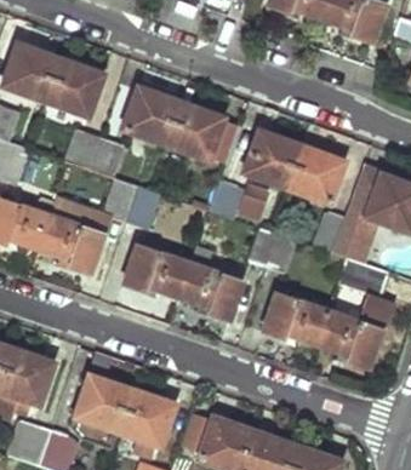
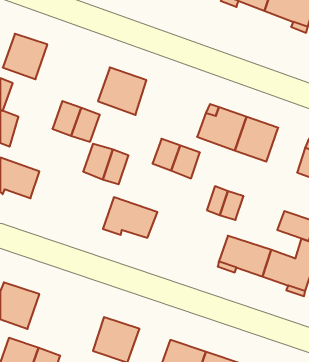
building: [45,58,102,116] -> none
building: [167,102,222,159] -> none
building: [316,212,361,260] -> none
building: [39,213,103,270] -> none
building: [182,263,246,319] -> none
building: [70,376,129,432] -> none

